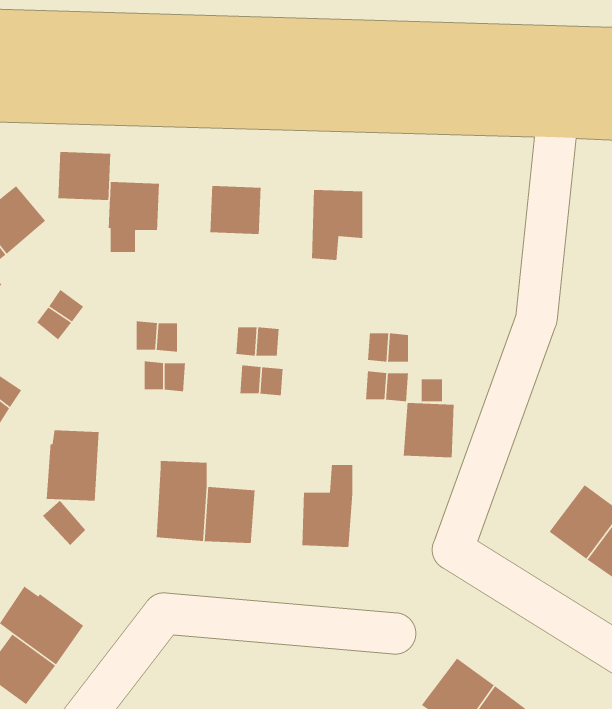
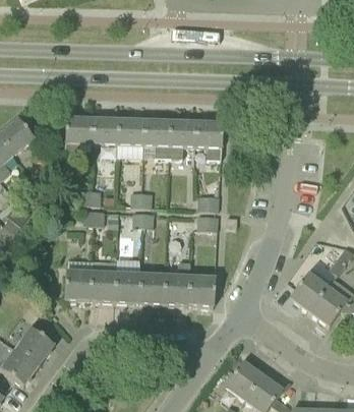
building: [57,151,111,201] -> [91,118,118,143]
building: none -> [142,120,170,157]
building: none -> [195,122,222,159]
building: [403,402,455,458] -> [188,277,215,305]
building: [46,430,100,501] -> [64,262,92,299]
building: none -> [138,275,165,303]

